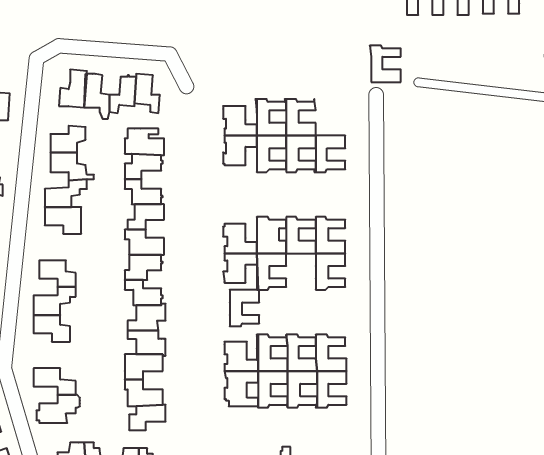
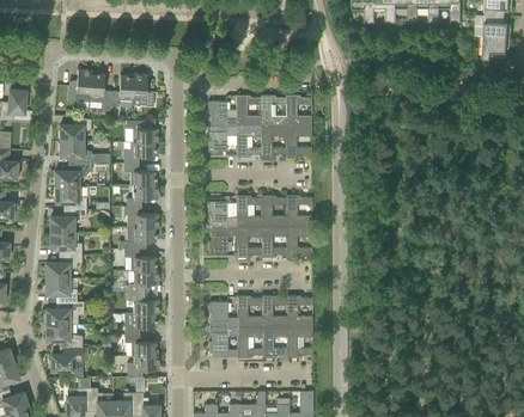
building: [370,46,401,82] -> [286,94,312,125]
building: none -> [51,209,87,232]
building: [230,290,259,326] -> [262,226,287,257]
building: none -> [44,301,85,324]

